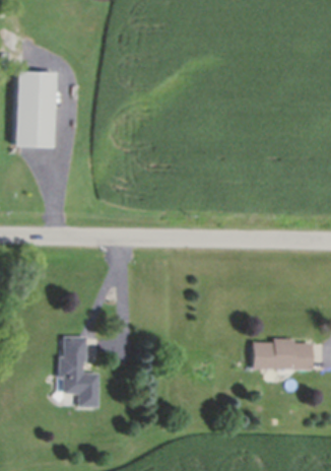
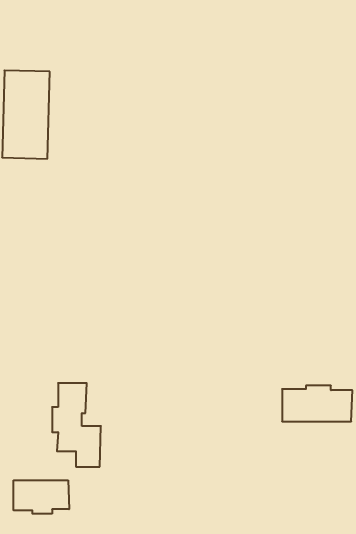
building: none -> [14,480,69,514]

